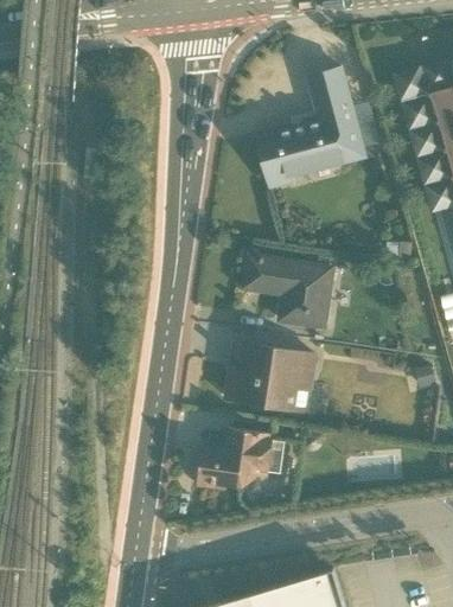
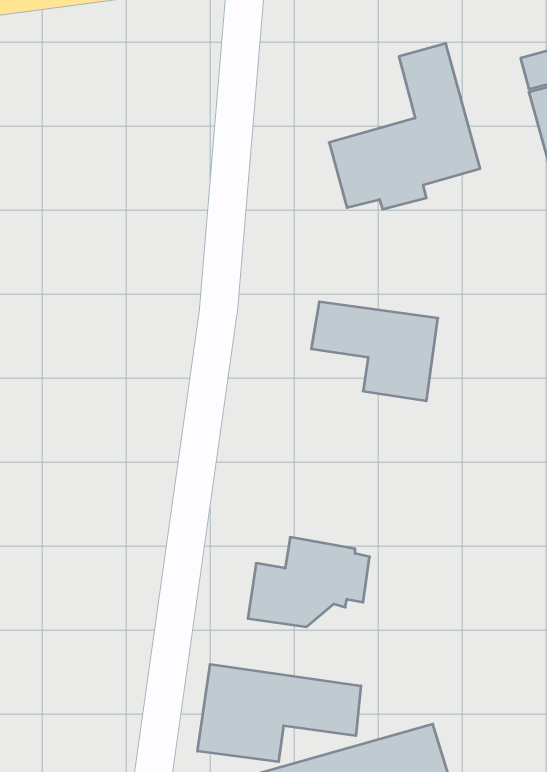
building: [226,341,318,411] -> none
building: none -> [198,664,361,762]

